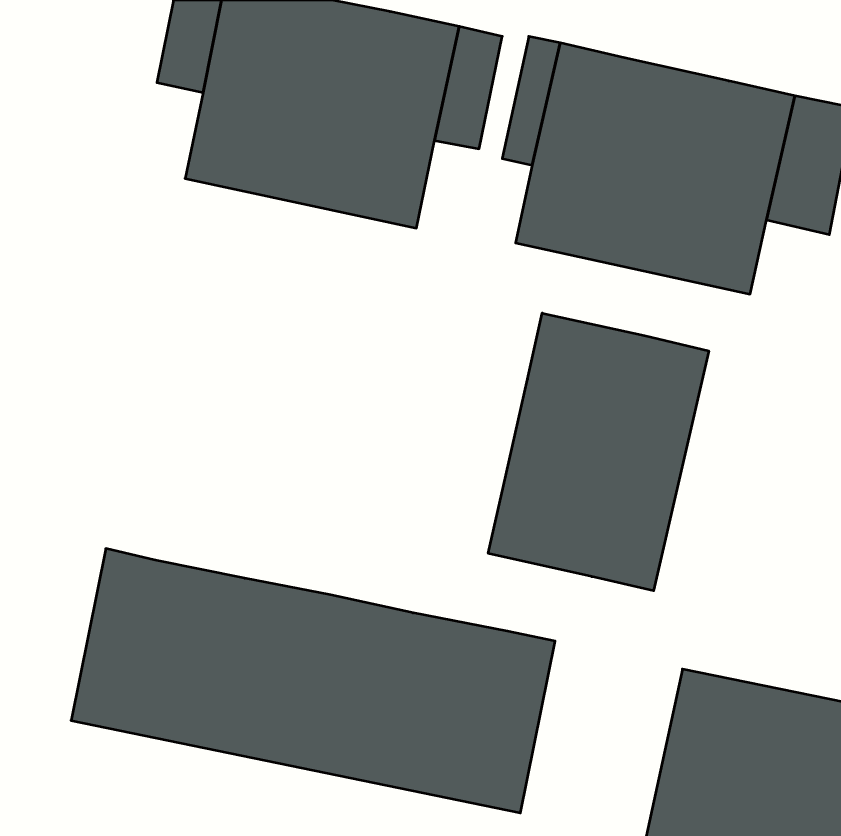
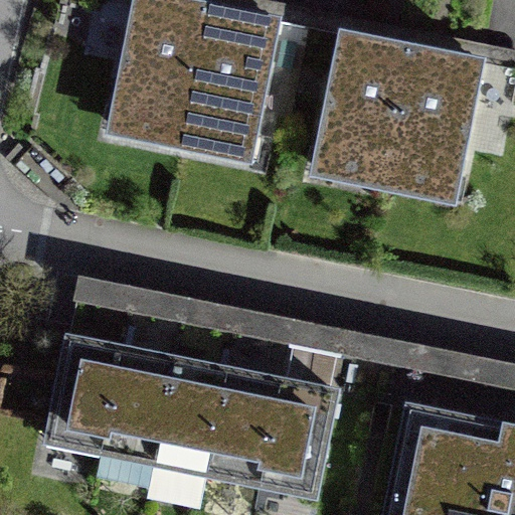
building: [488,313,709,591] -> none

